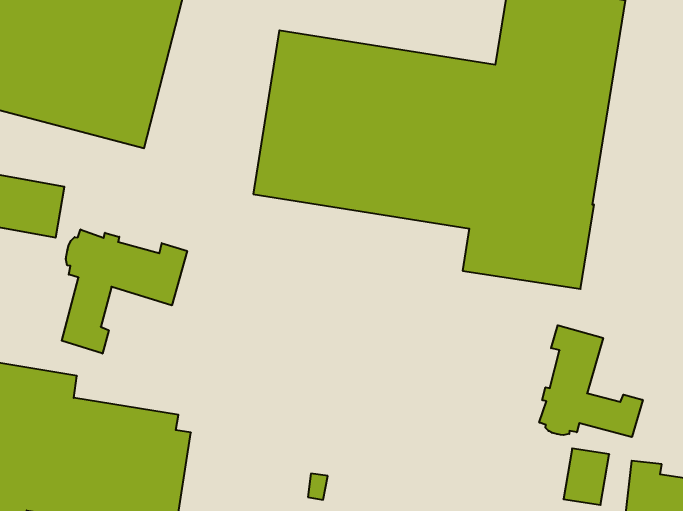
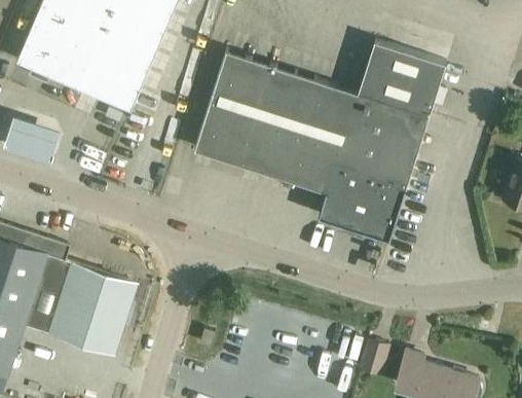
building: [62,229,187,354] -> none
building: [539,325,643,437] -> none

